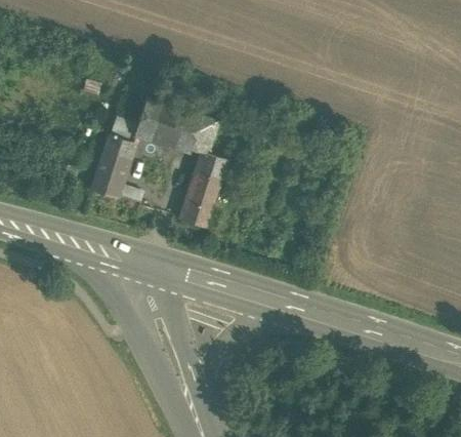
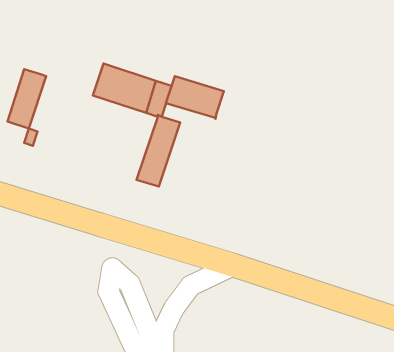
building: none -> [166,76,224,119]
building: [91,136,132,199] -> [8,69,46,128]

